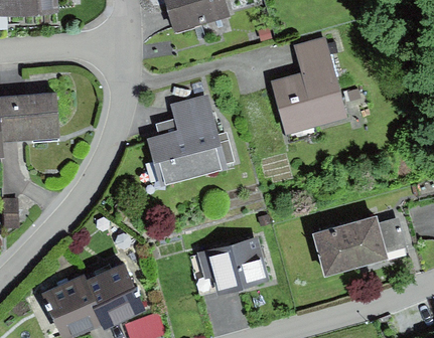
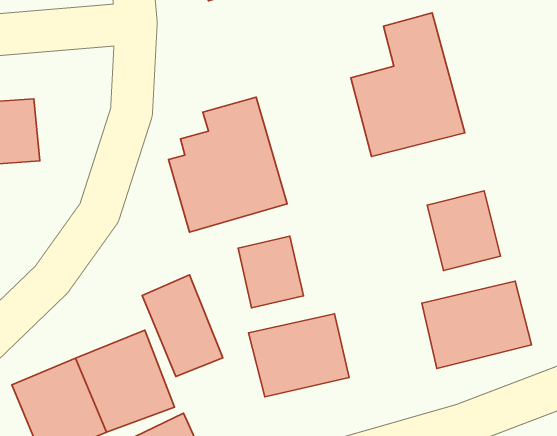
building: none -> [427,191,500,271]
building: none -> [238,236,304,308]
building: none -> [142,275,223,376]

